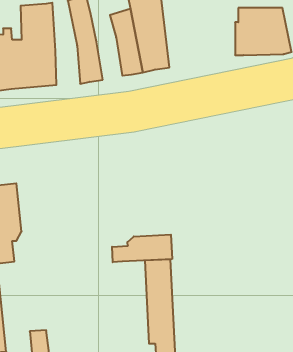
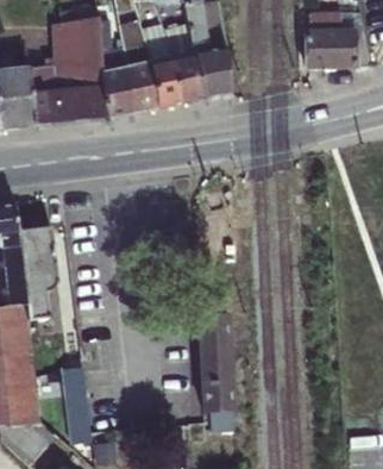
building: none -> [137,26,174,107]
building: none -> [96,68,125,118]
building: [112,235,172,262] -> none

